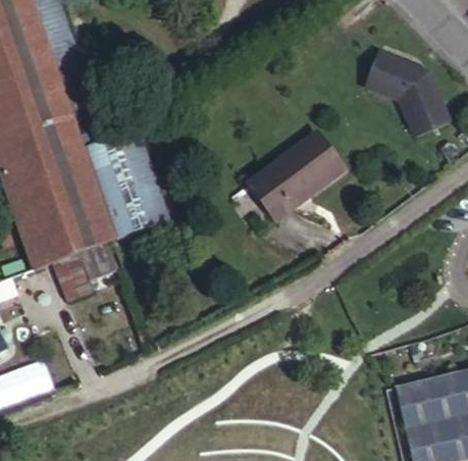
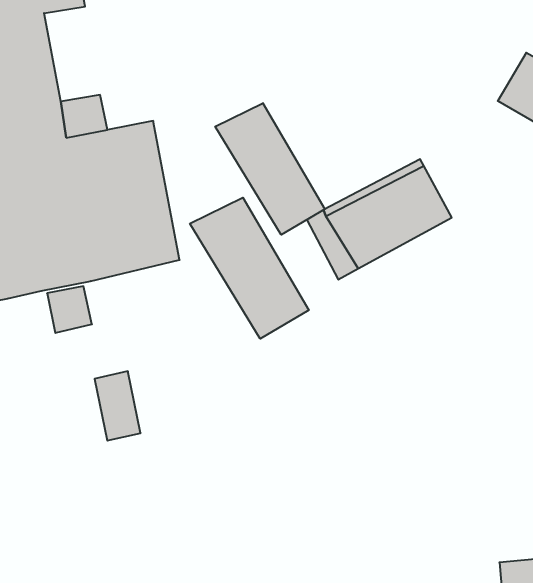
building: none -> [215,103,325,235]
building: none -> [190,198,309,339]
building: [57,254,93,302] -> [95,371,141,441]

